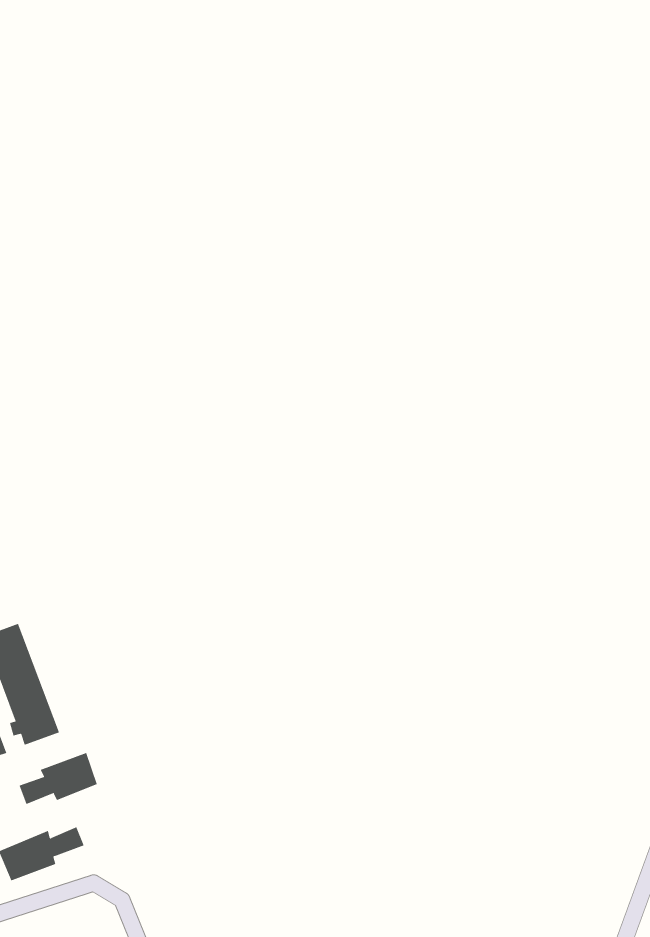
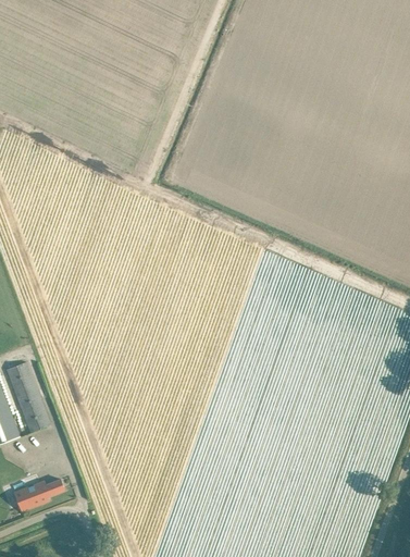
building: [19,752,98,805] -> none

